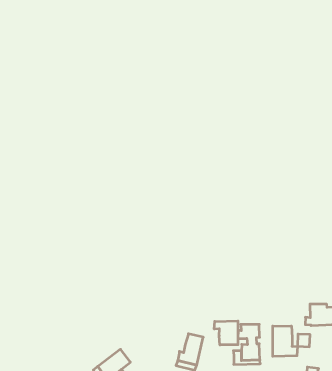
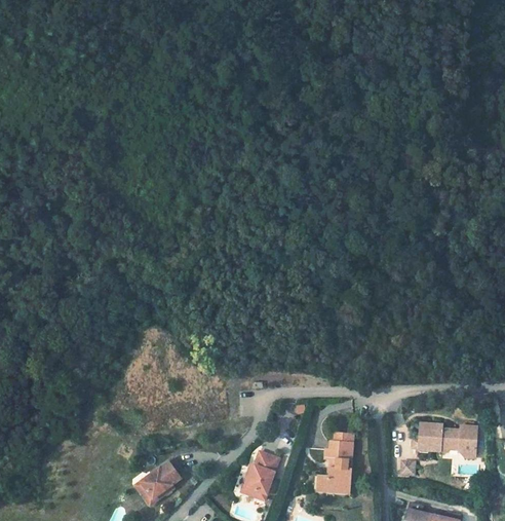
building: [214,321,238,345] -> none
building: [273,326,297,356] -> none

